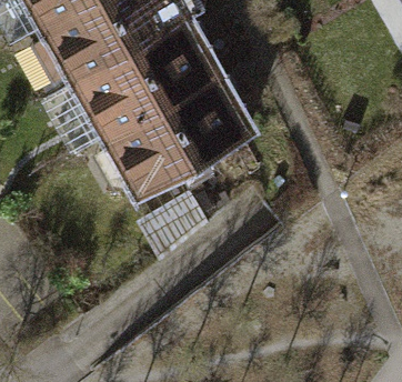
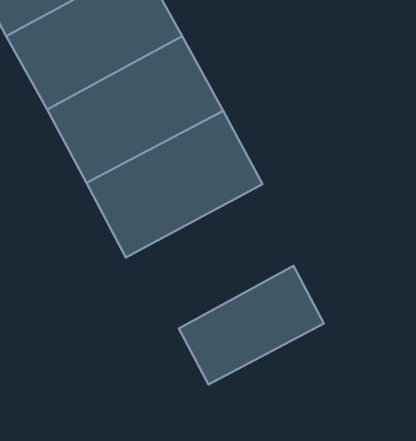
building: none -> [179,266,324,384]

